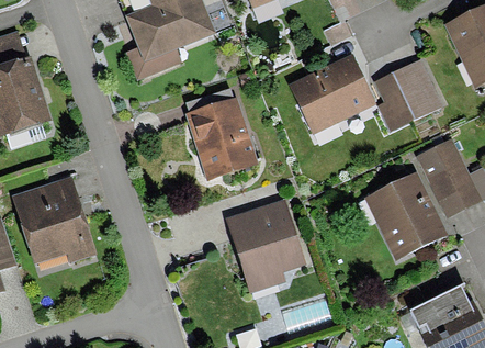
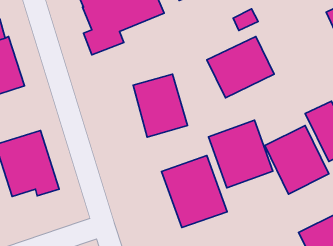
building: [374,59,443,131] -> none
building: none -> [209,120,273,188]

